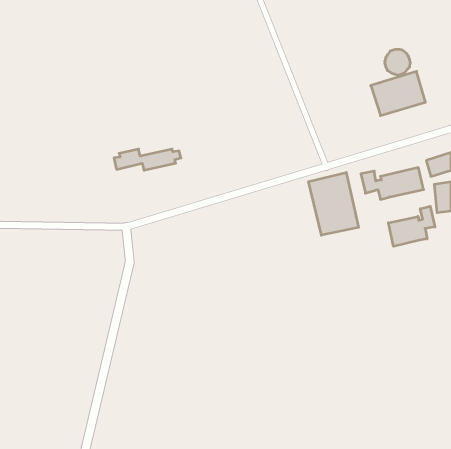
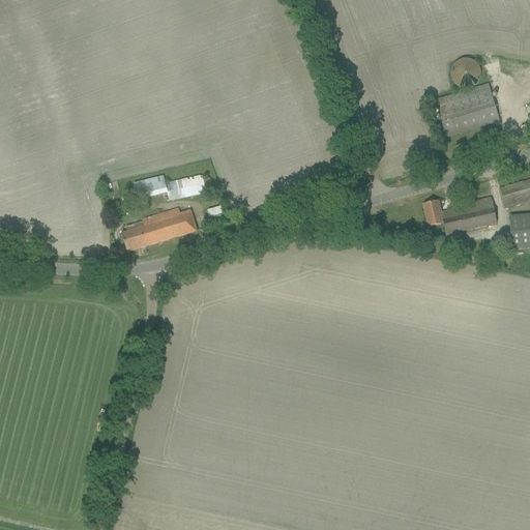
building: [309,172,359,235] -> none
building: none -> [121,208,198,252]
building: [388,206,435,246] -> none

